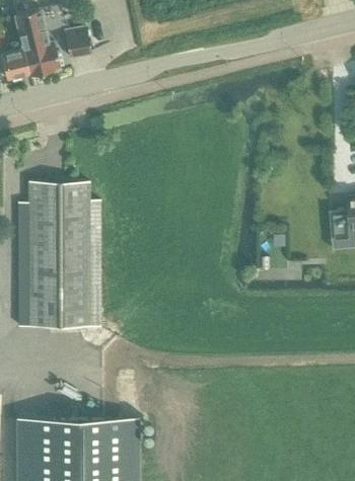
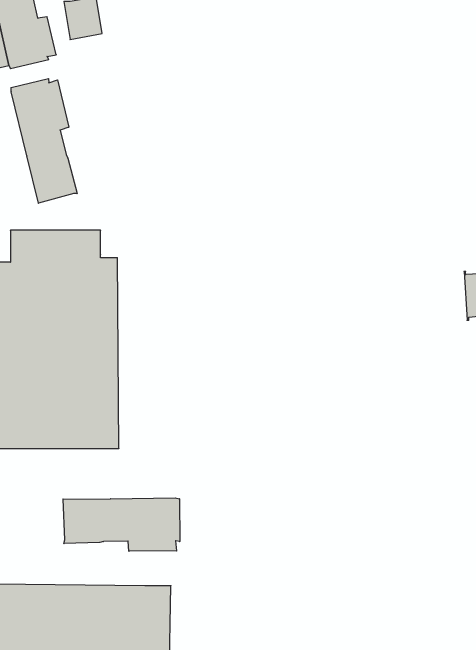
building: none -> [11,79,77,203]
building: none -> [63,498,180,551]

